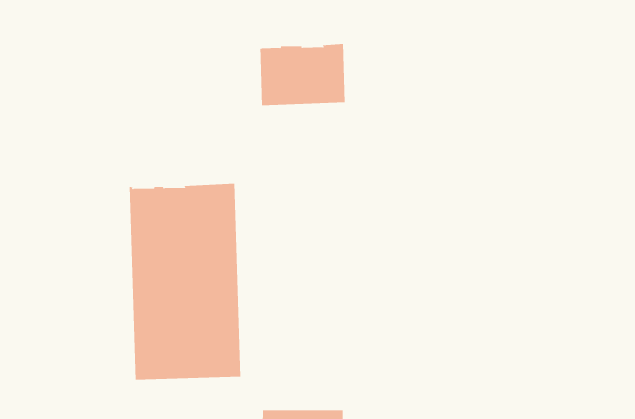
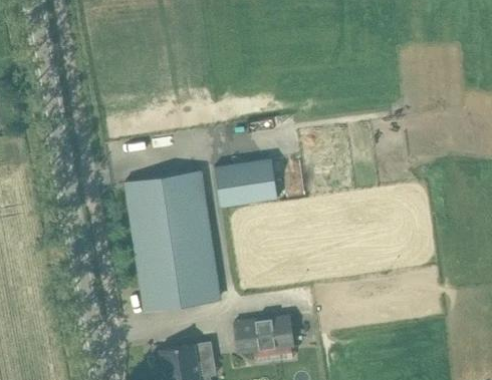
building: [260,44,346,106] -> [215,158,278,208]

